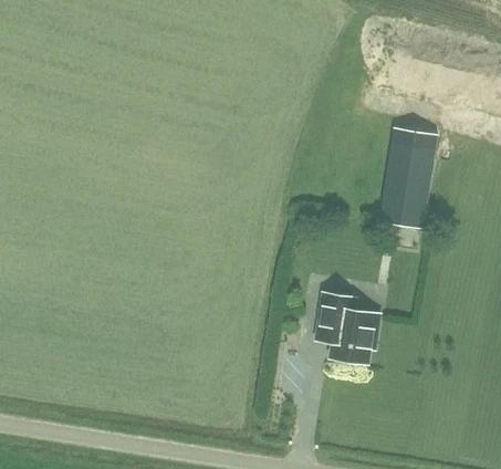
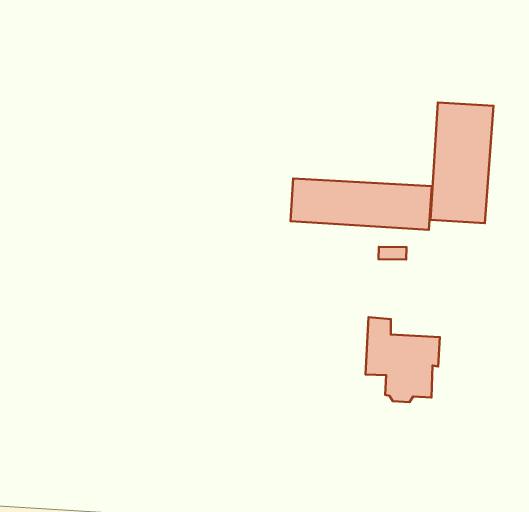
building: none -> [290,178,432,230]

